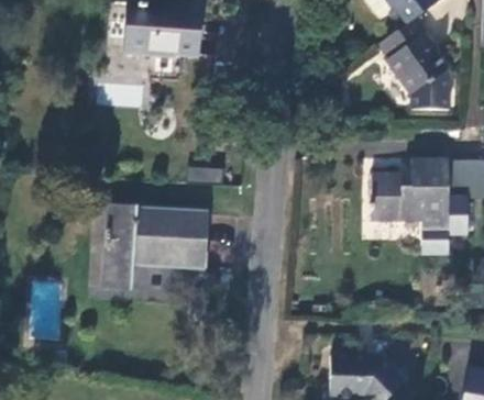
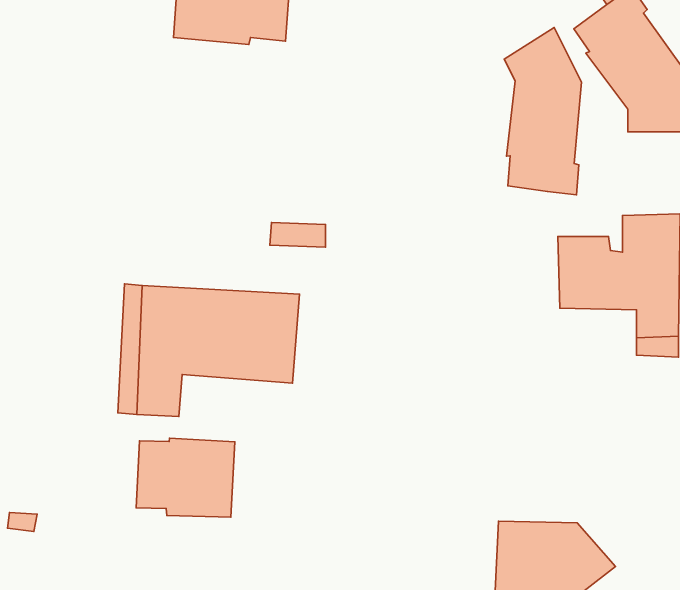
building: none -> [504,28,582,195]
building: none -> [136,438,235,517]

